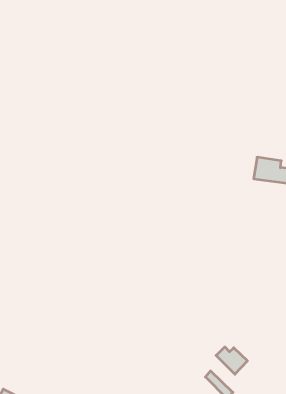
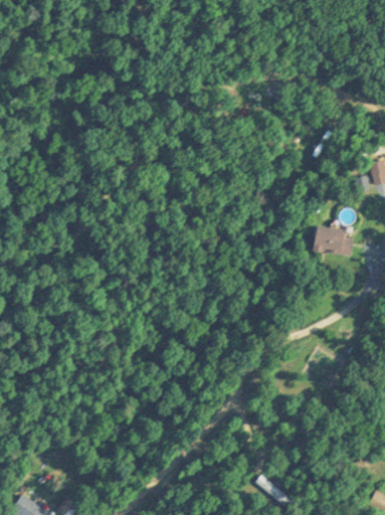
building: [216,347,247,374] -> none

